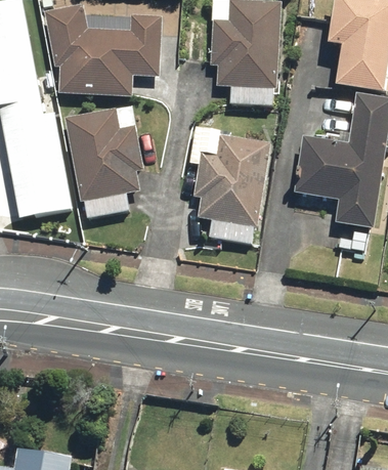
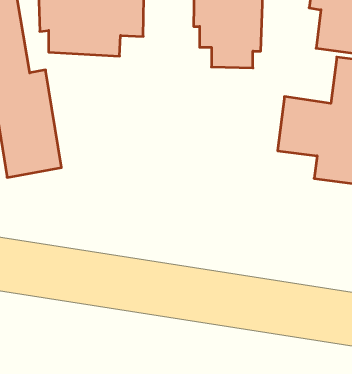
building: [64,105,143,217] -> none
building: [187,125,268,243] -> none

